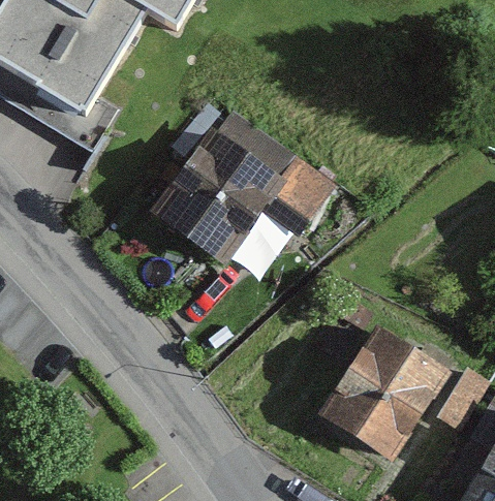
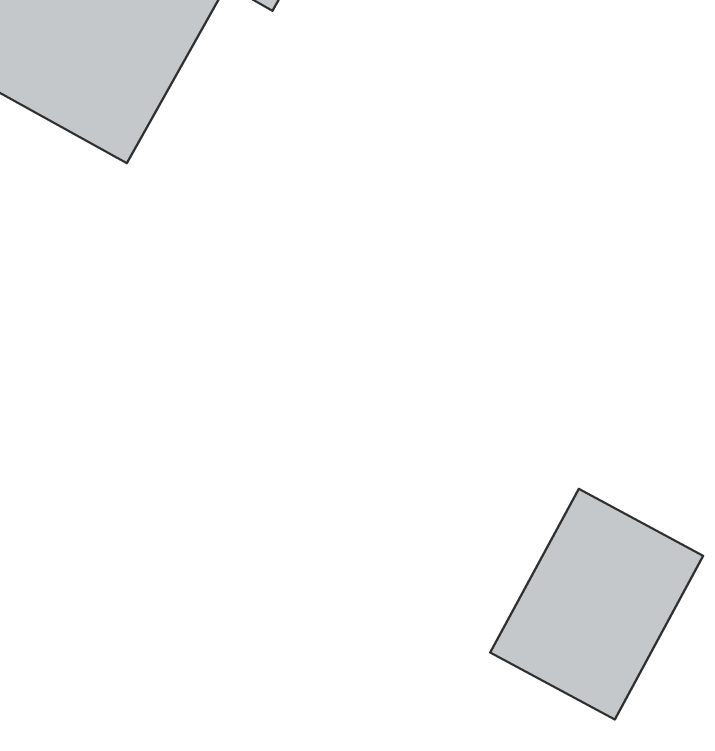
building: [154,126,336,264] -> none

